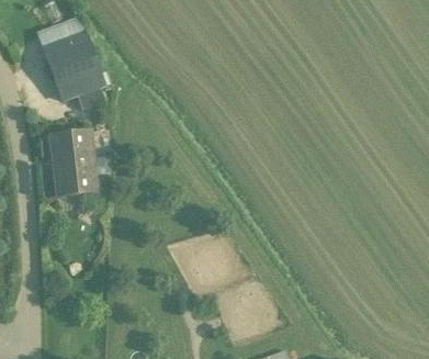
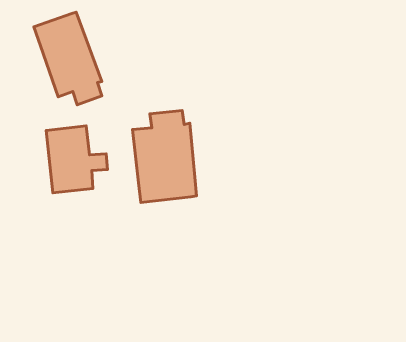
building: none -> [132,111,196,202]

